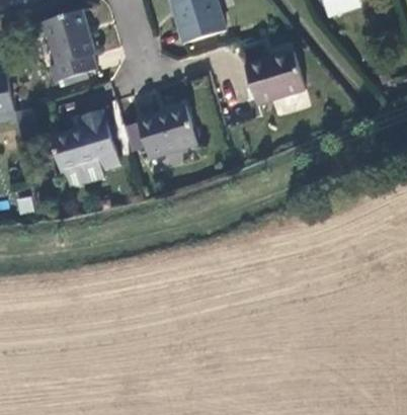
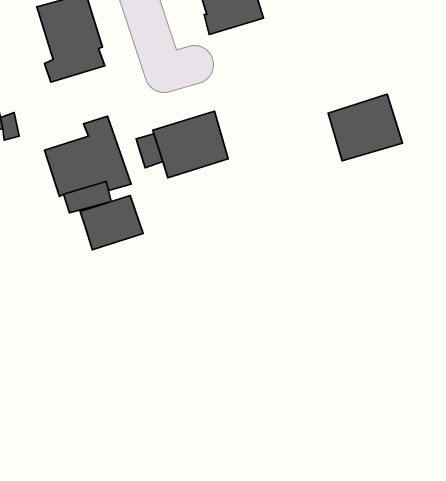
building: [244,50,304,103] -> [328,94,402,161]
building: none -> [80,196,143,250]

